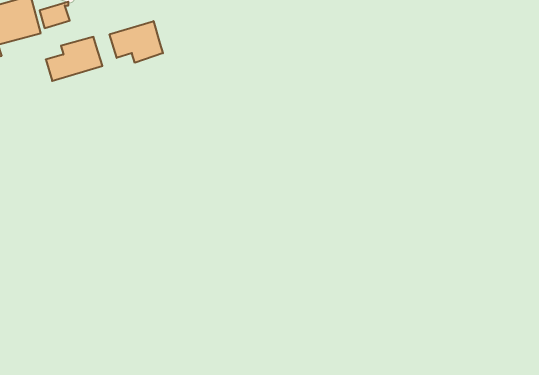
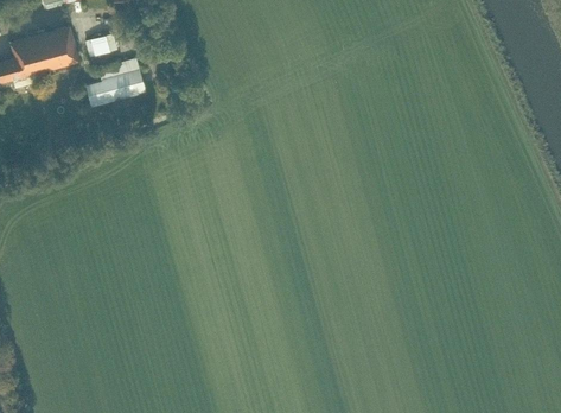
building: [110,21,163,63] -> none

